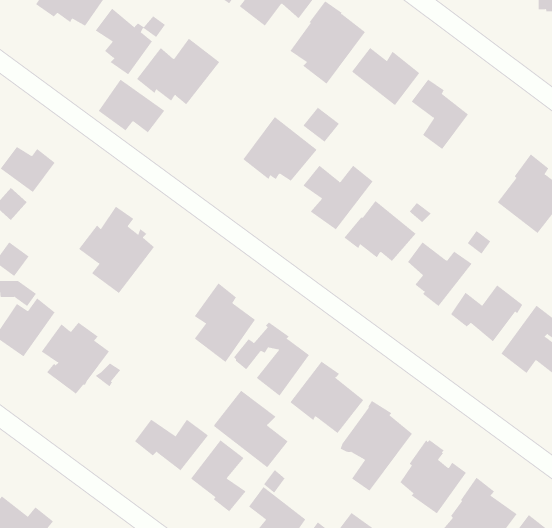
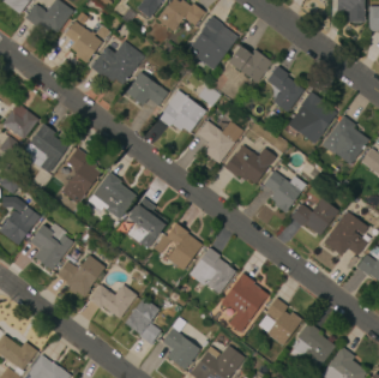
building: [98,79,165,133] -> [125,72,168,107]
building: none -> [288,90,337,143]
building: none -> [22,124,67,173]
building: none -> [92,172,137,220]
building: none -> [56,254,104,298]
building: [213,390,288,468] -> none

